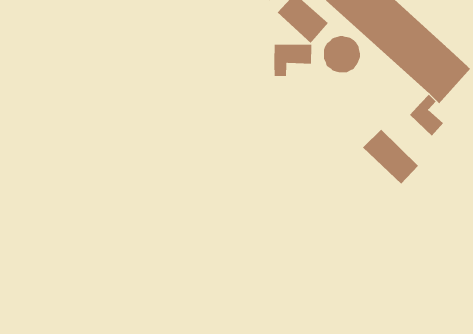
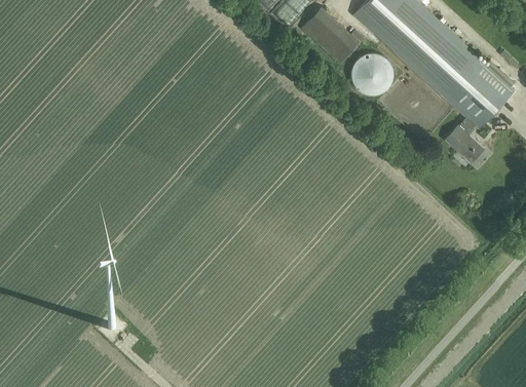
building: [273,44,312,77] -> none
building: [362,129,419,184] -> none

